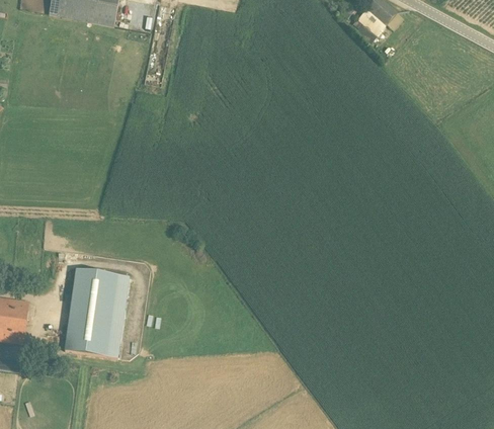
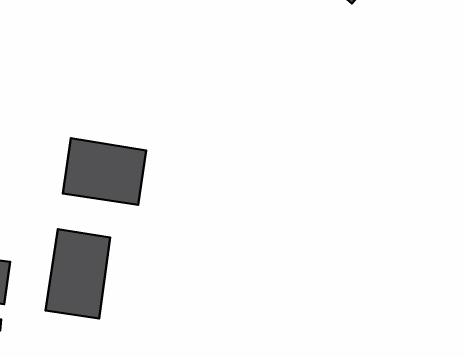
building: none -> [63,138,146,205]

